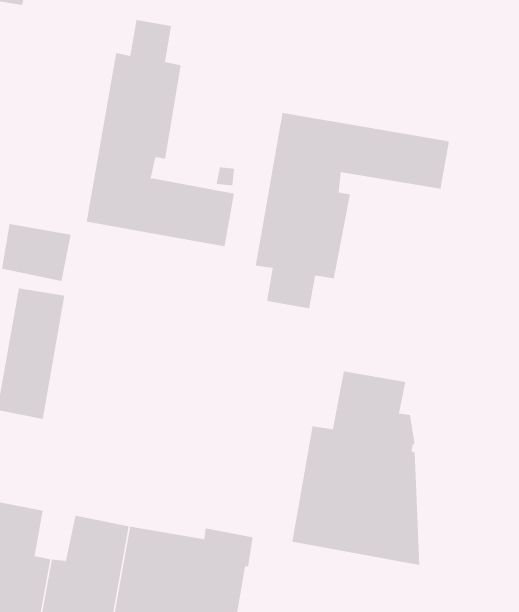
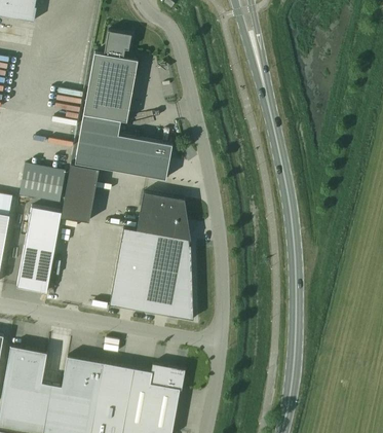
building: [255,112,449,309] -> none
building: none -> [62,164,100,222]
building: [291,371,420,565] -> [110,192,194,320]

